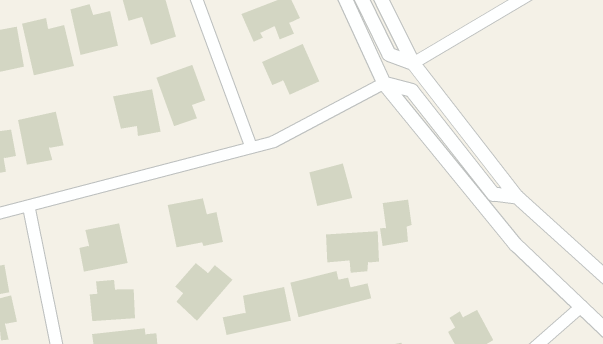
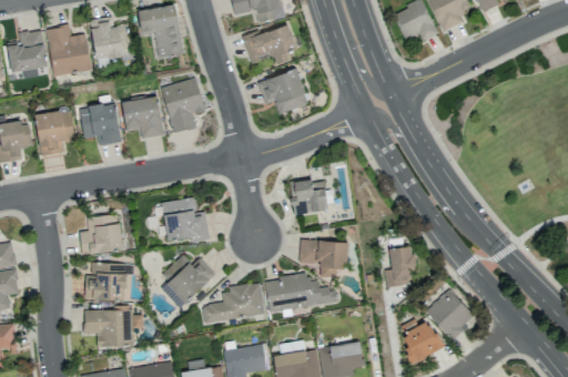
building: none -> [80,103,121,145]
building: [379,199,412,247] -> [385,247,415,287]
building: none -> [426,289,475,339]

